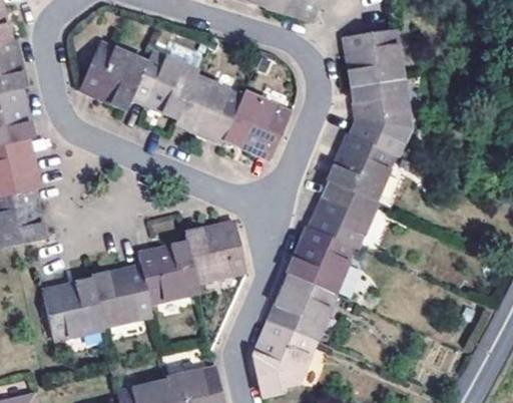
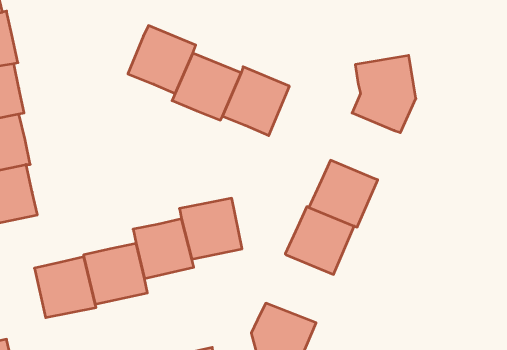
building: [347,34,406,90] -> none
building: [83,44,147,109] -> none
building: [328,136,392,202] -> none
building: [267,276,335,342] -> none

